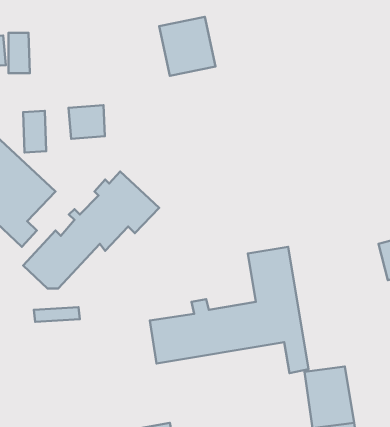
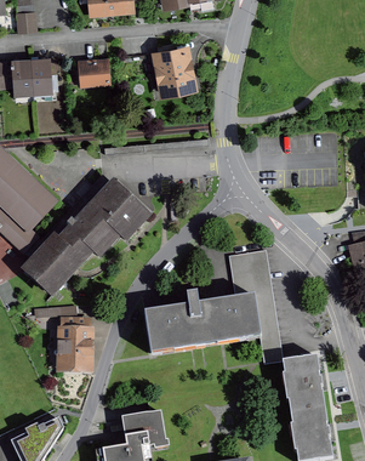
building: [69,105,105,139] -> [78,58,110,89]
building: [23,111,46,153] -> [32,57,52,95]
building: none -> [56,331,93,377]

